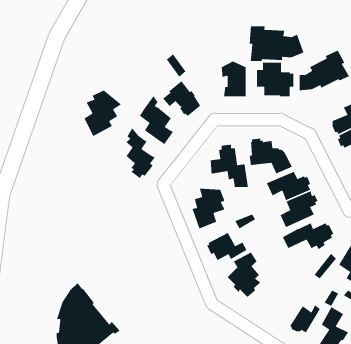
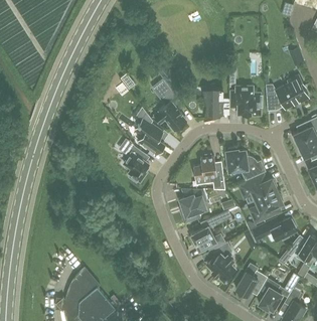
building: [249,26,305,62] -> none
building: [84,90,122,137] -> none
building: none -> [235,270,267,296]

